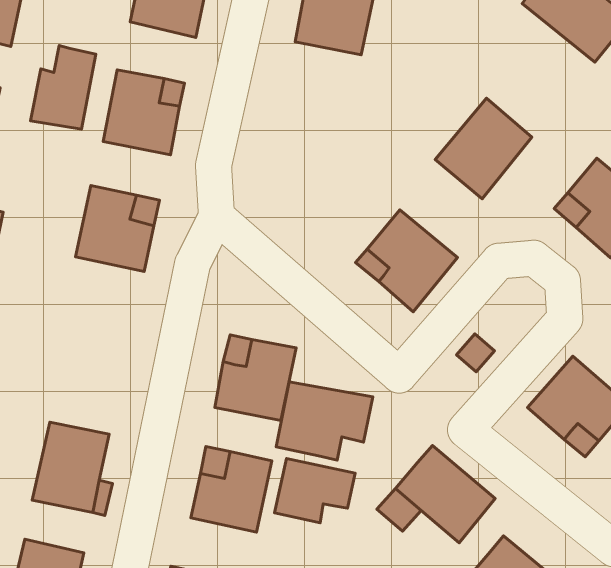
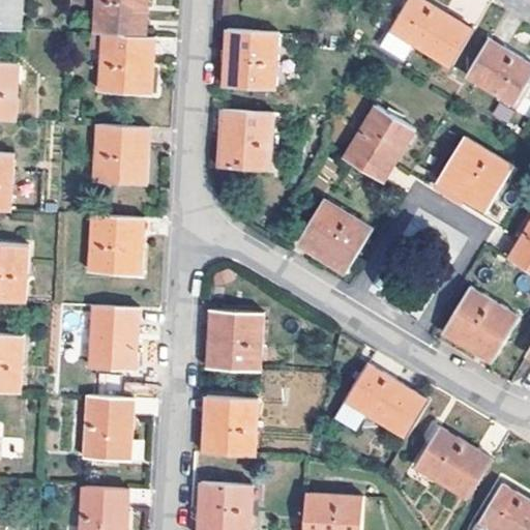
building: [30,46,96,129] -> none
building: none -> [218,110,273,169]
building: none -> [87,307,137,371]
building: [276,382,373,460] -> none
building: [274,458,355,523] -> none

